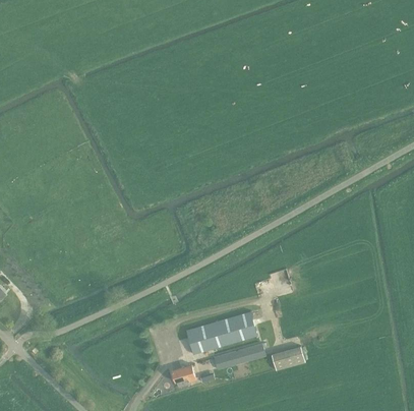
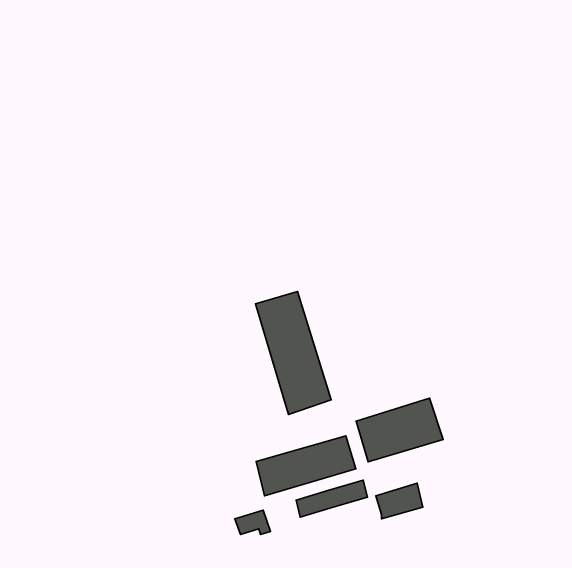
building: none -> [256,292,331,414]
building: none -> [356,398,443,462]

